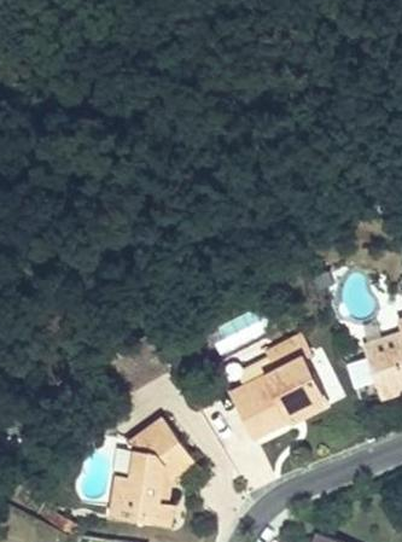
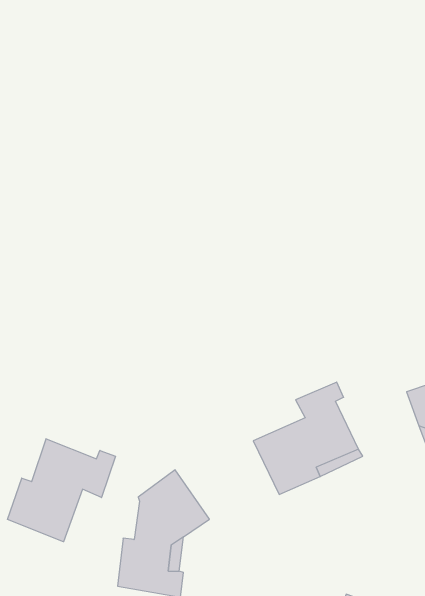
building: none -> [7,439,116,542]

